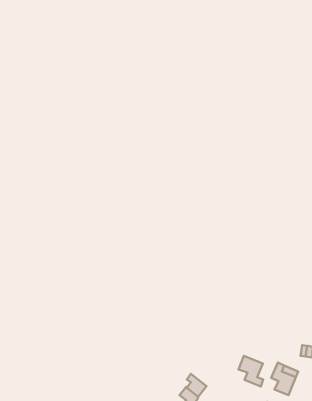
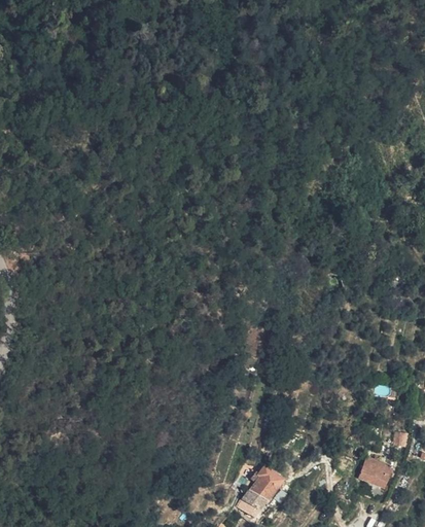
building: [238,356,263,387] -> none

